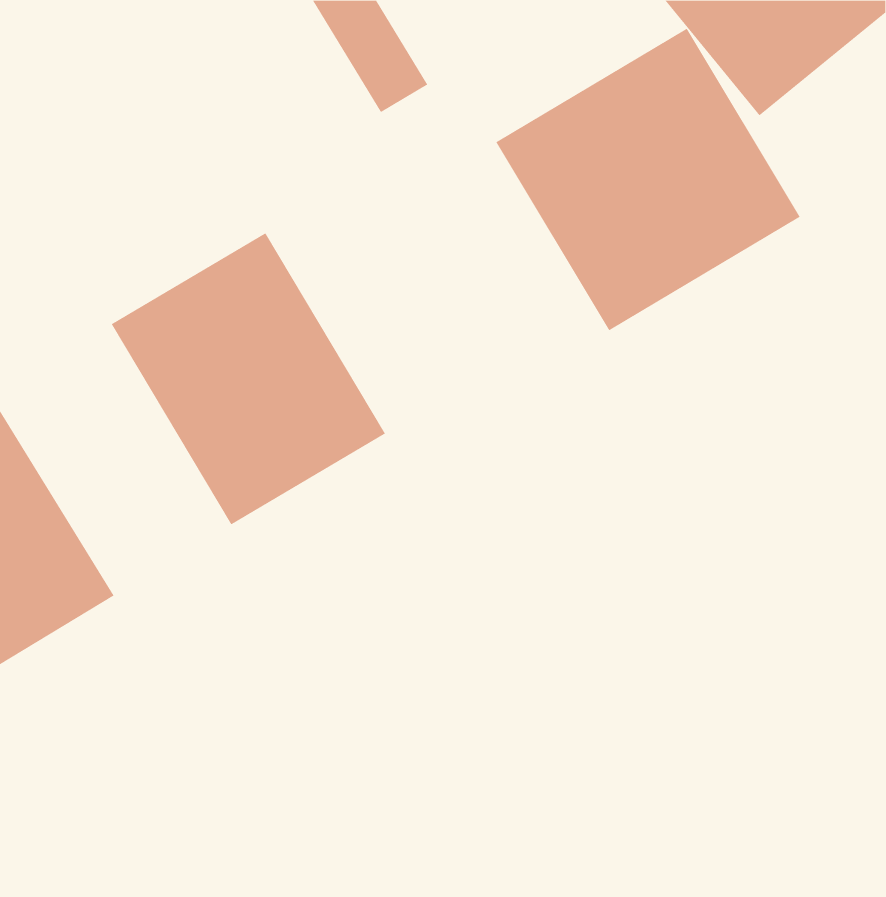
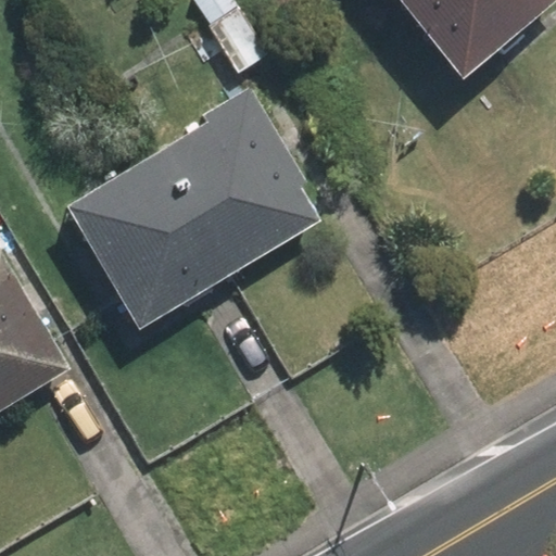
building: [495,28,800,331] -> none
building: none -> [164,88,324,269]

